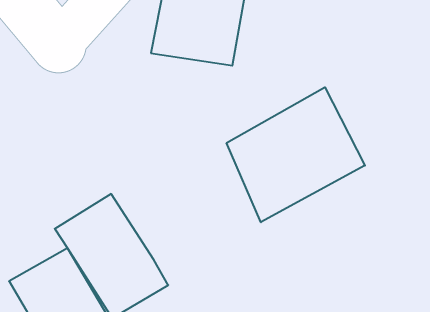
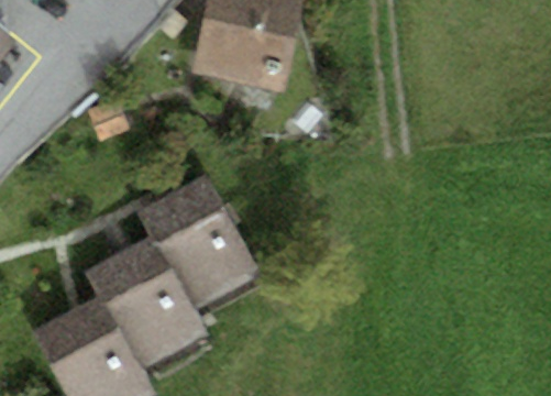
building: [227,87,365,222] -> none
building: none -> [134,173,260,308]

